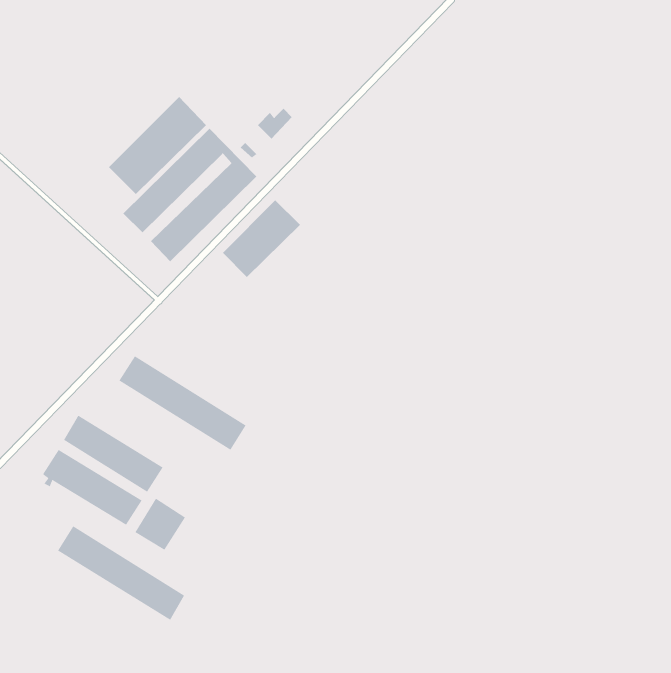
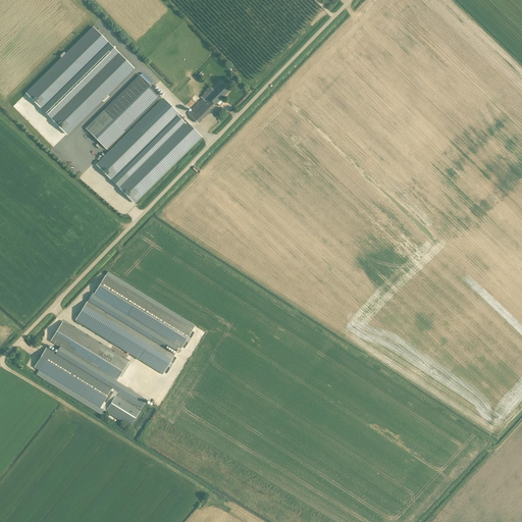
building: none -> [24,28,132,135]
building: [222,200,301,278] -> none
building: [57,526,185,620] -> [73,301,172,374]

